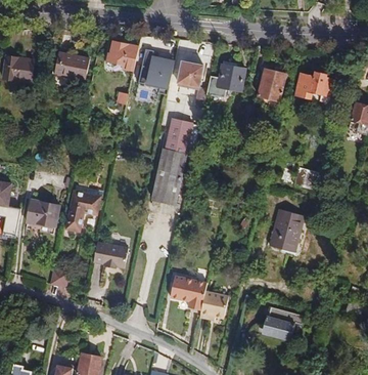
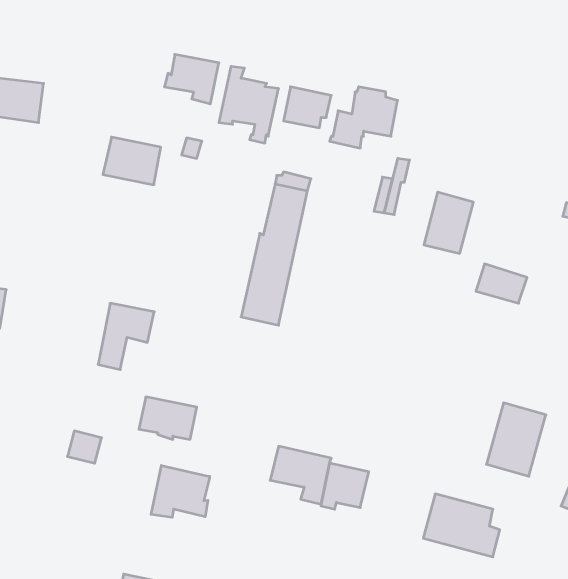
building: [54,51,89,80] -> [103,137,161,185]
building: [257,68,286,105] -> [424,192,473,253]
building: [295,71,333,97] -> none
building: [25,199,59,232] -> none
building: [269,208,305,252] -> [486,403,546,476]
building: none -> [151,465,210,517]

